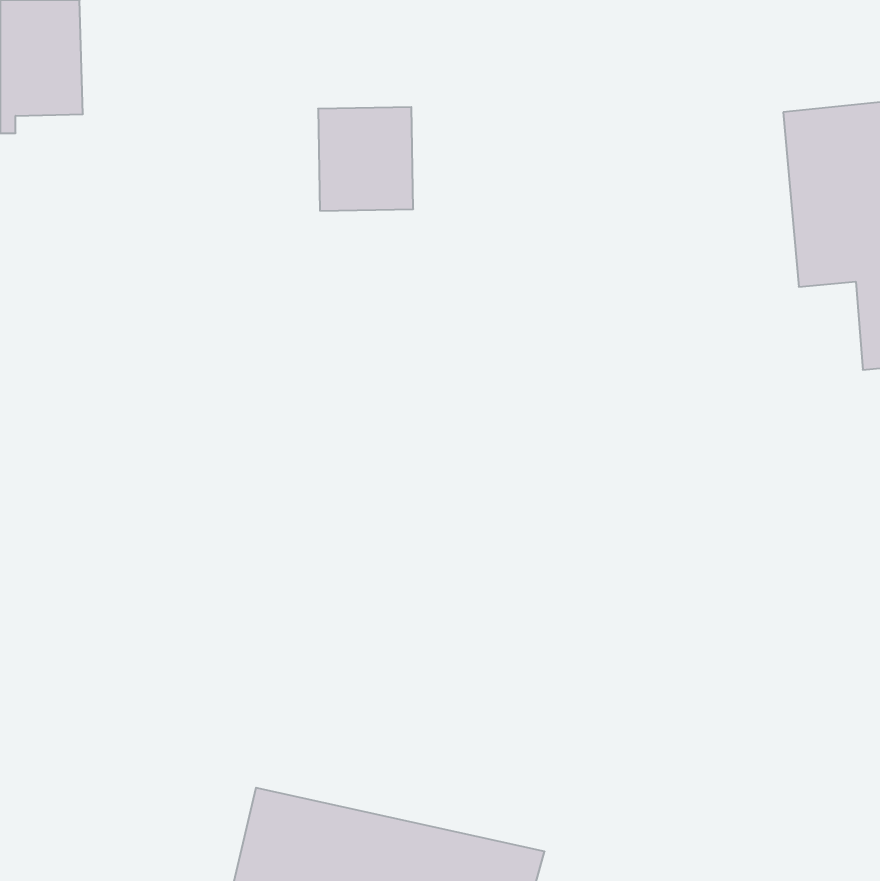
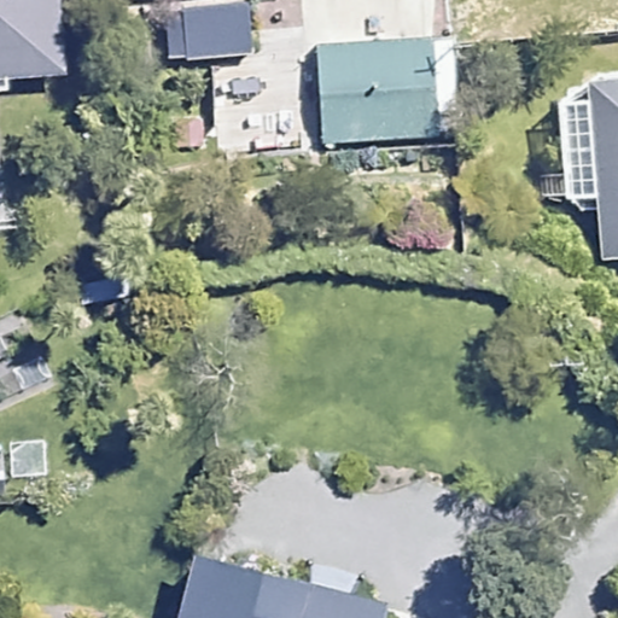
building: none -> [322,40,441,146]

